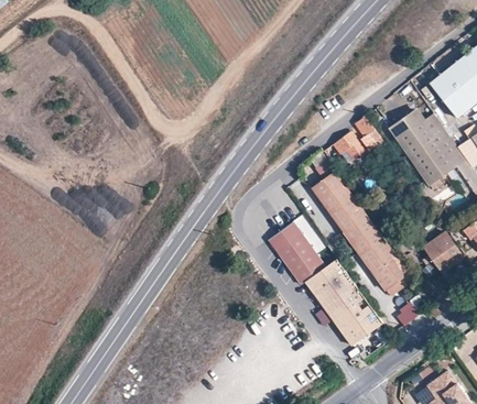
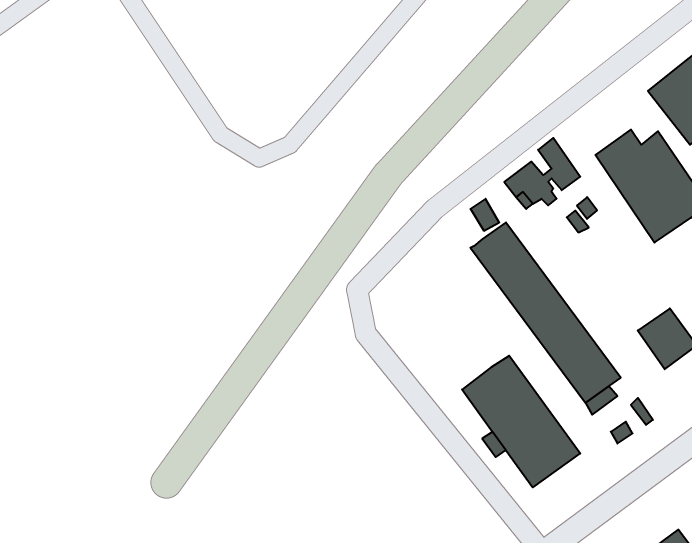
building: [268,222,324,284] -> none

